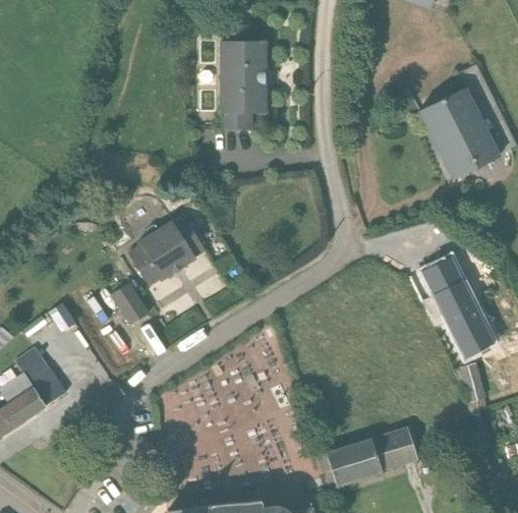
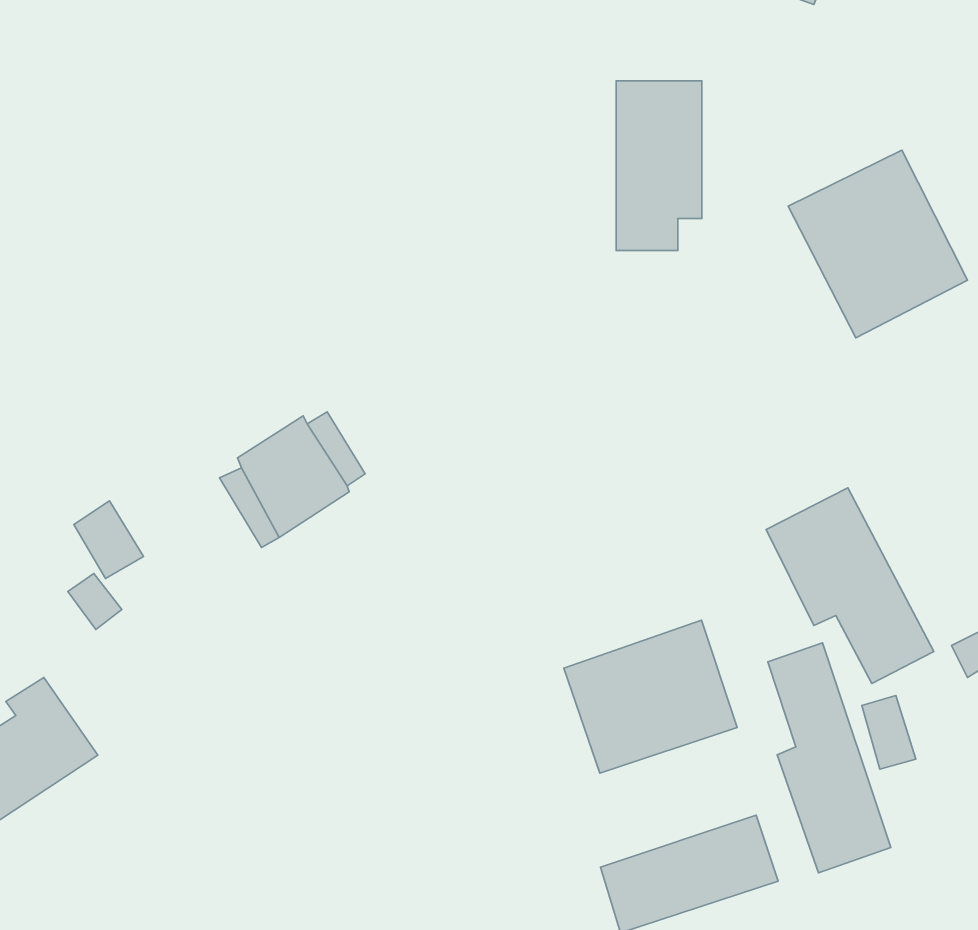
building: [221,43,265,129] -> [616,81,702,250]
building: [114,285,150,325] -> [74,501,144,579]
building: none -> [564,620,737,773]
building: none -> [768,643,891,873]

